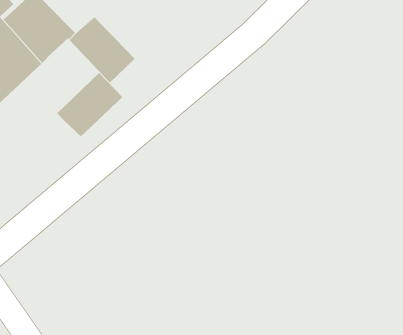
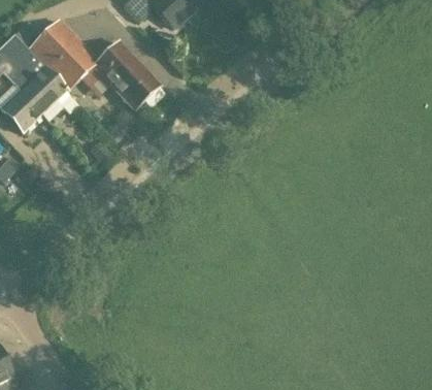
building: [57,72,123,137] -> none

